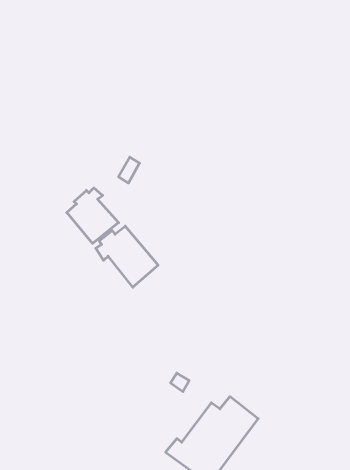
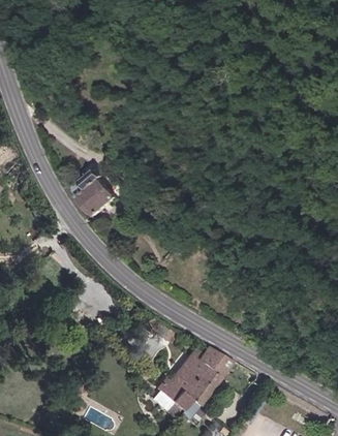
building: [96,226,158,287] -> none

